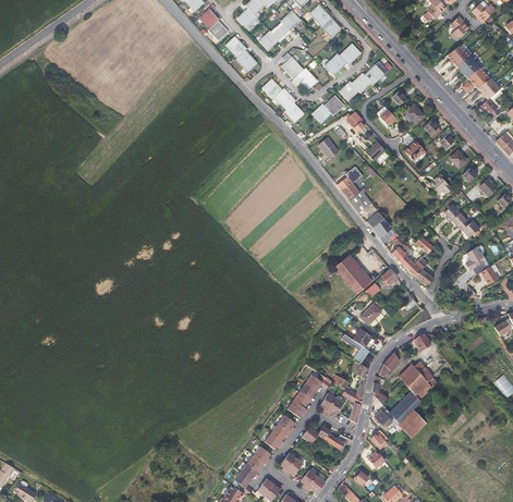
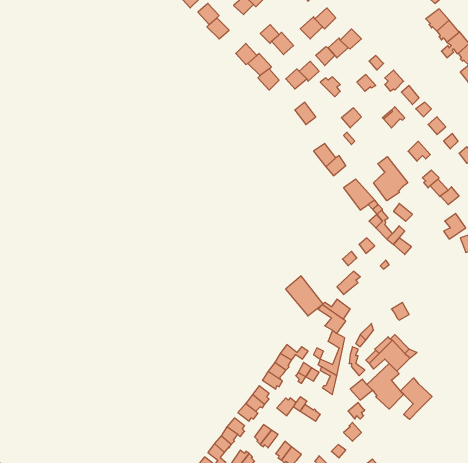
building: none -> [374,157,408,201]
building: [335,254,372,293] -> [286,276,323,316]
building: none -> [400,378,432,419]

